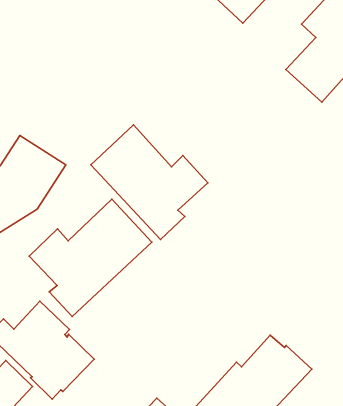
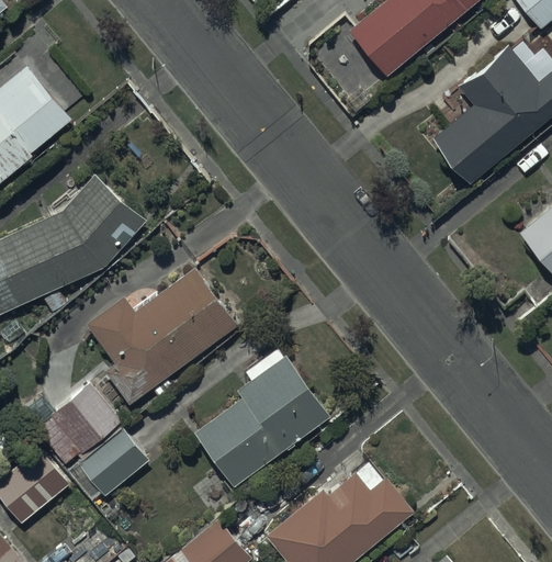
building: [91,125,208,239] -> none
building: none -> [192,349,331,488]

